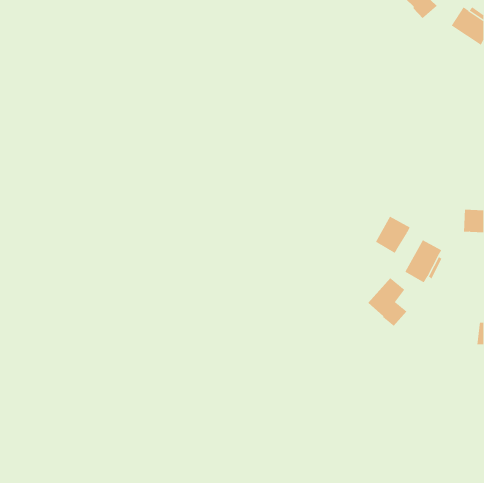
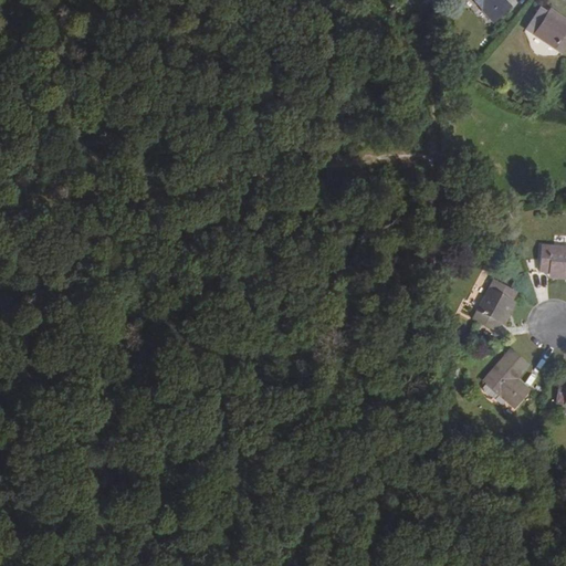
building: [375,216,410,254] -> none
building: [367,277,407,327] -> [483,349,530,407]

